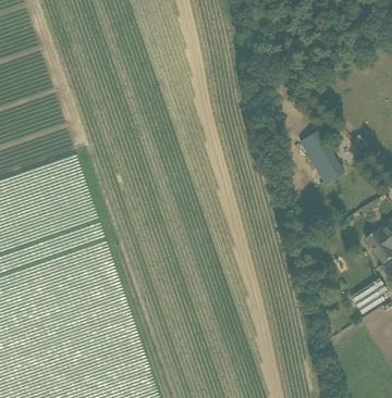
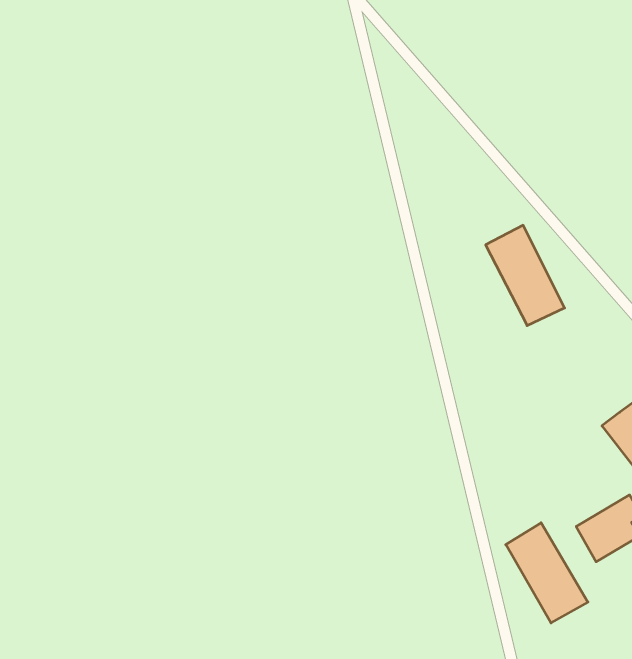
building: none -> [506,523,588,623]

